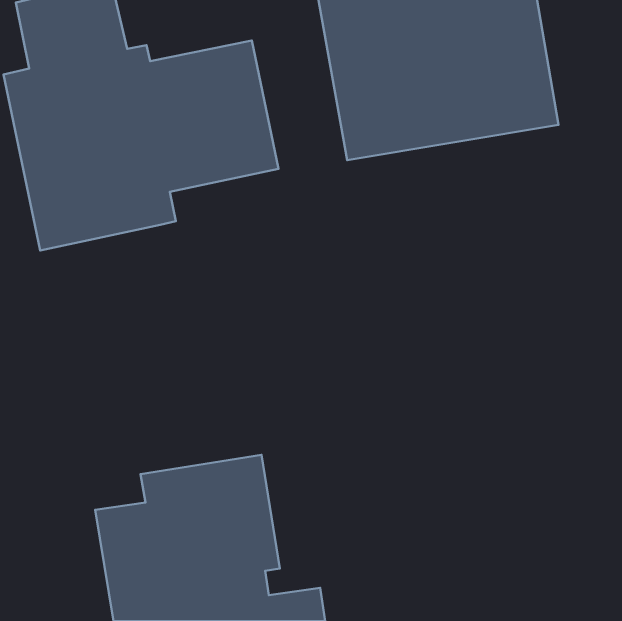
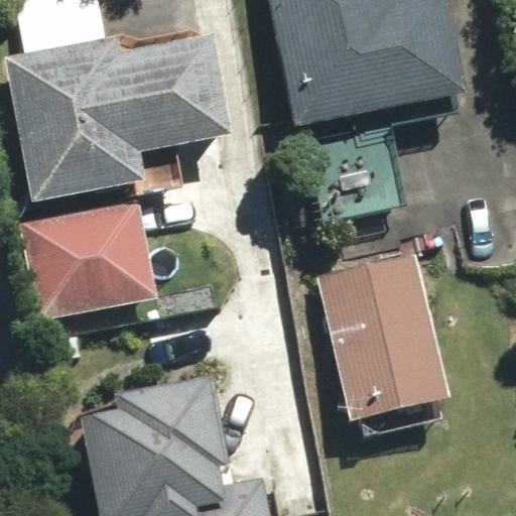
building: none -> [17,185,157,318]
building: none -> [310,229,450,423]

